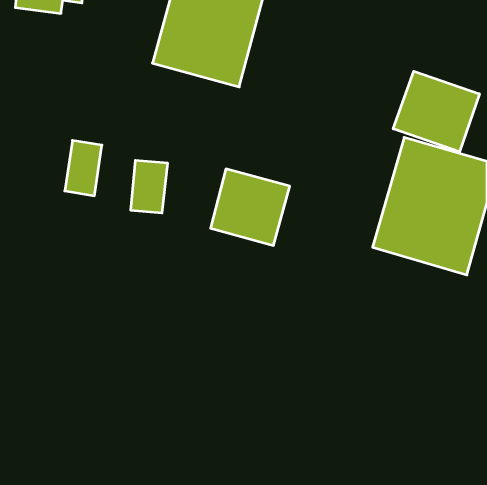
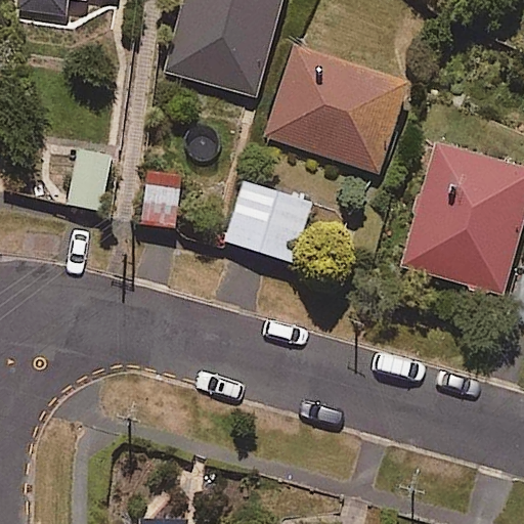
building: none -> [265,46,408,174]
building: [393,71,479,152] -> none

